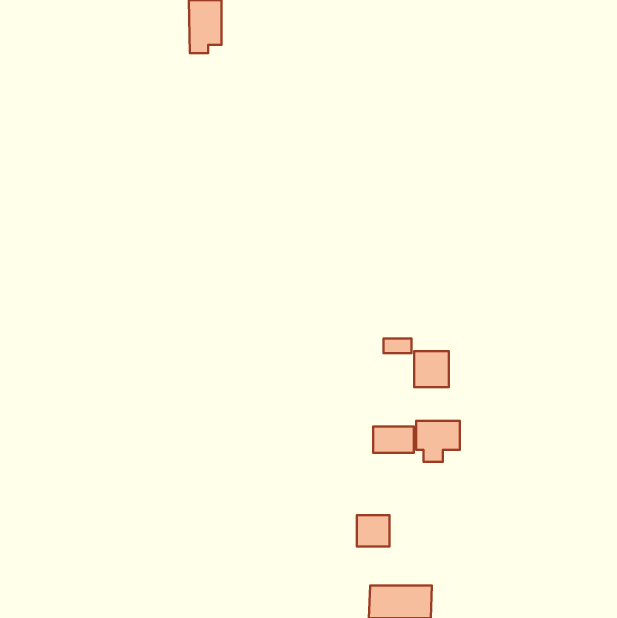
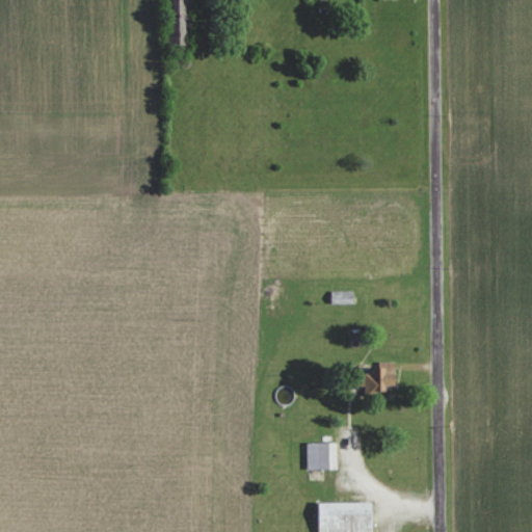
building: [414,351,449,387] -> none
building: [373,427,414,453] -> none

